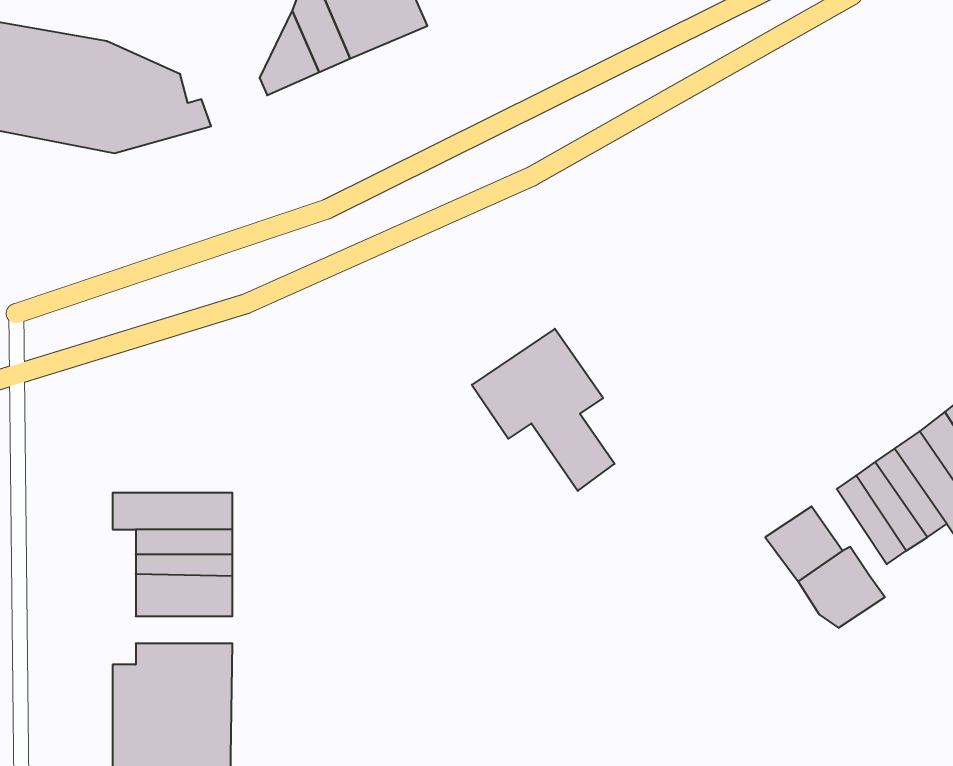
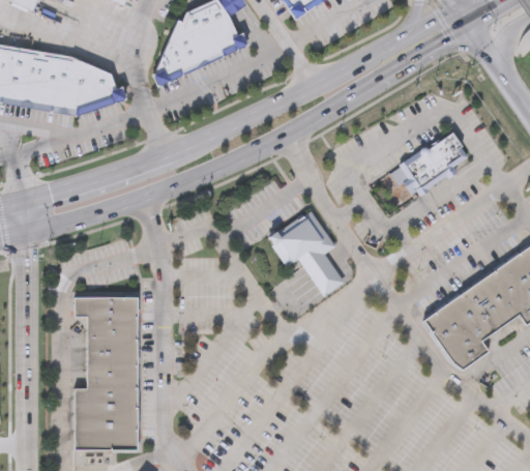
building: none -> [386,133,469,195]
building: none -> [448,294,489,341]
building: none -> [86,362,138,377]

